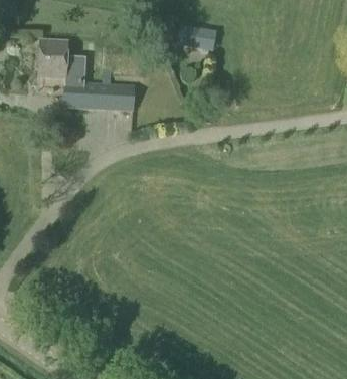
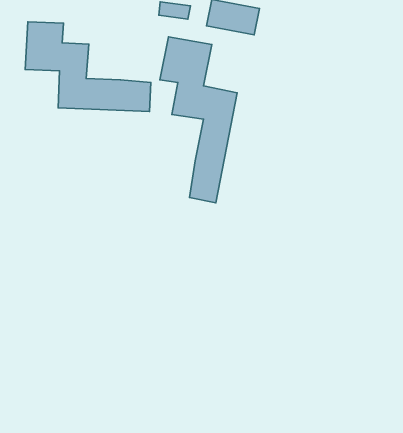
building: none -> [160,37,237,203]

